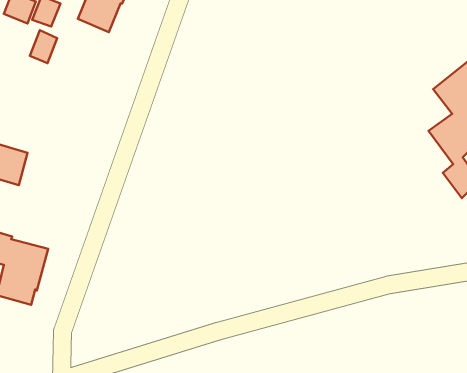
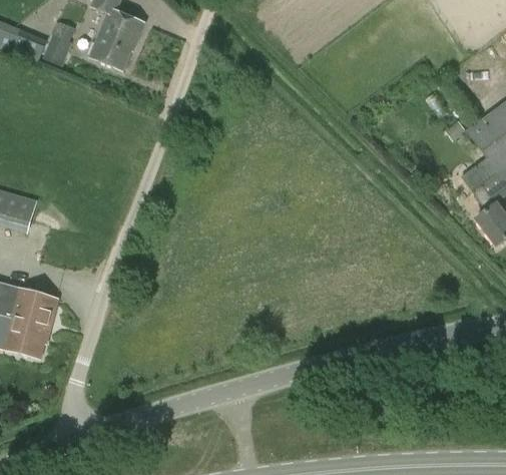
building: [30,30,57,63] -> none

